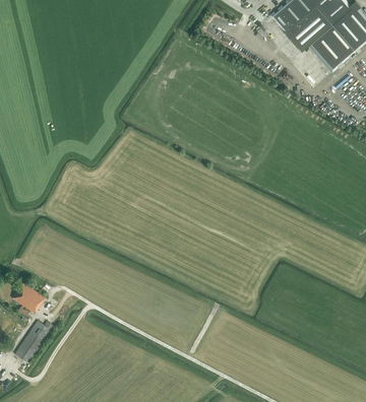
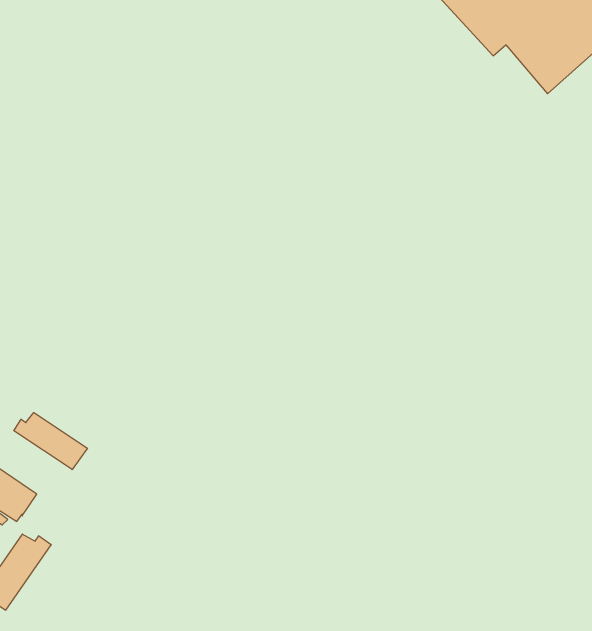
building: none -> [14,413,87,470]

